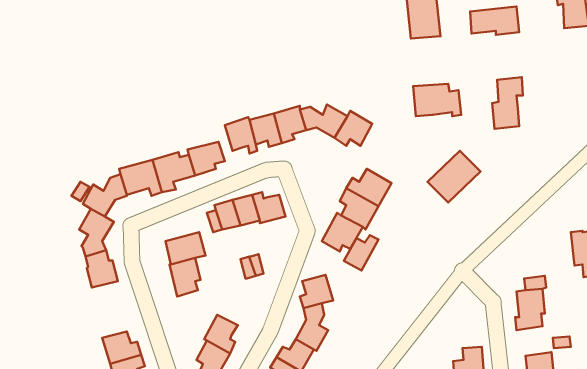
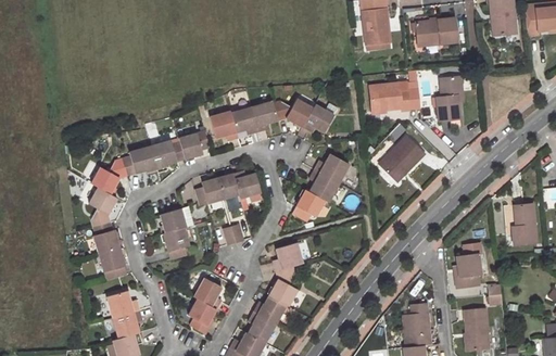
building: [344,235,378,270] -> none
building: none -> [99,247,128,280]

